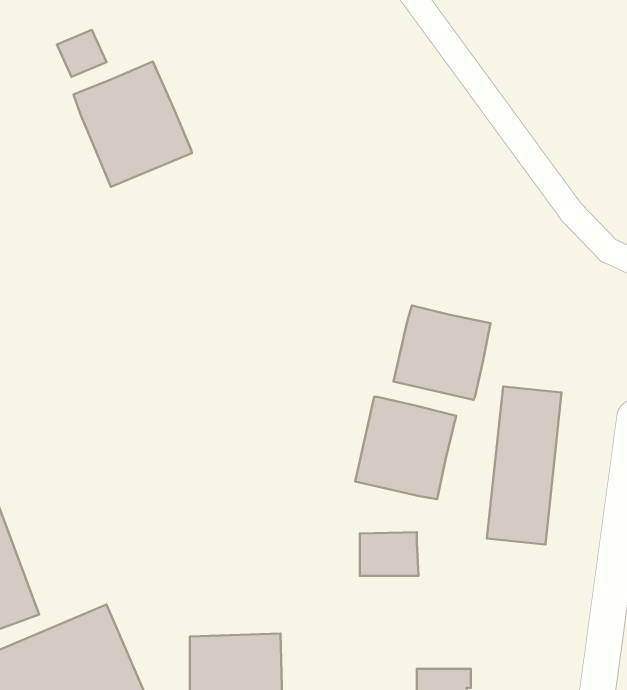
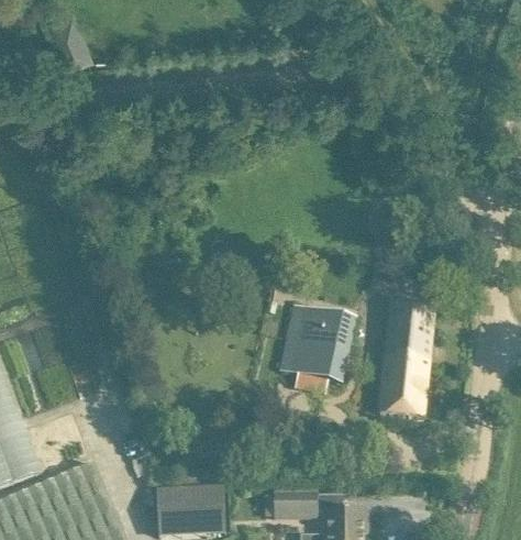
building: [73,61,192,187] -> none
building: [393,305,491,400] -> none
building: [360,532,418,576] -> [273,487,317,520]

